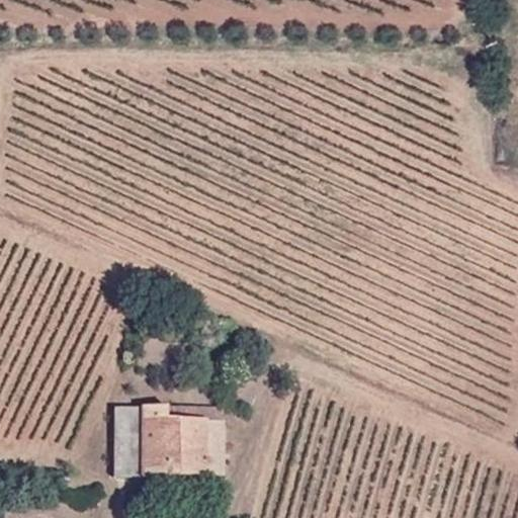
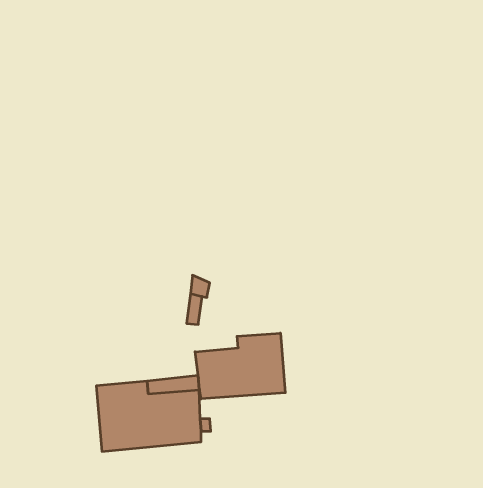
building: none -> [195,333,285,399]

